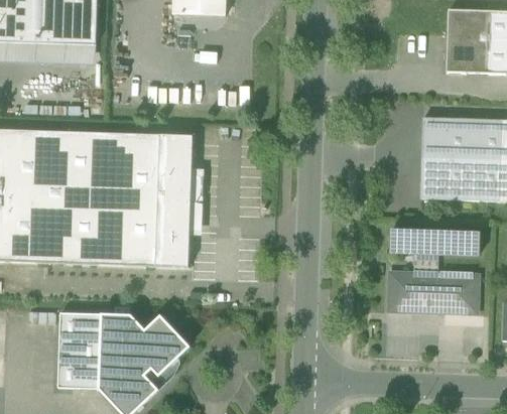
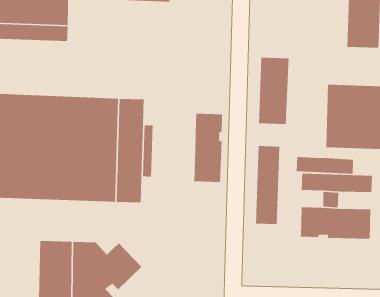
building: none -> [258,57,290,125]
building: none -> [193,113,223,183]
building: none -> [255,145,280,225]
building: none -> [296,156,354,175]

